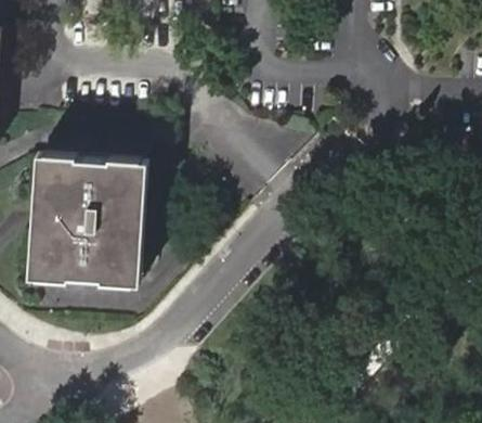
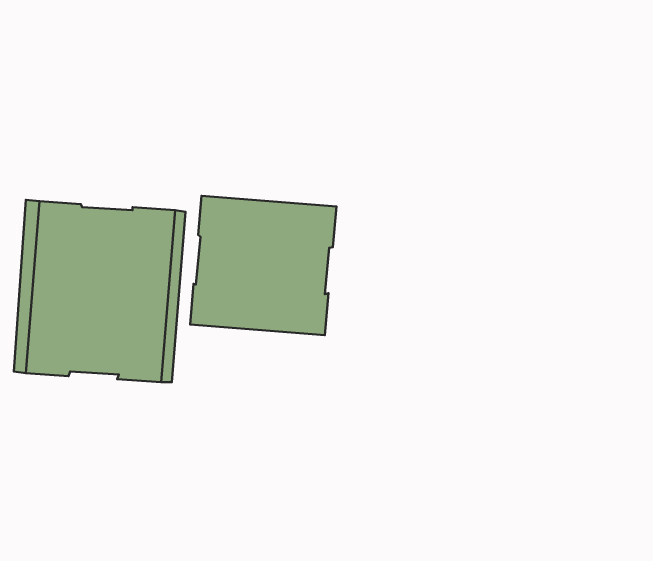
building: none -> [190,196,336,335]

